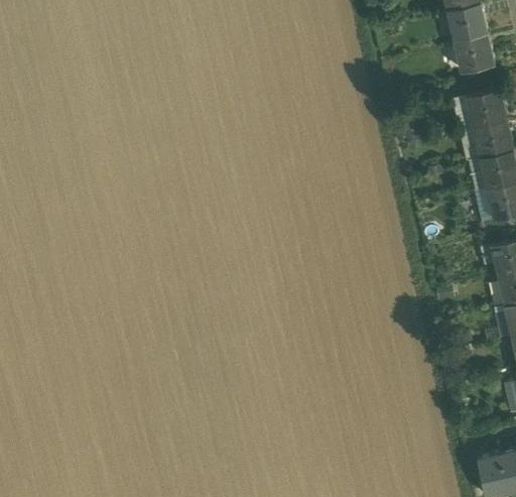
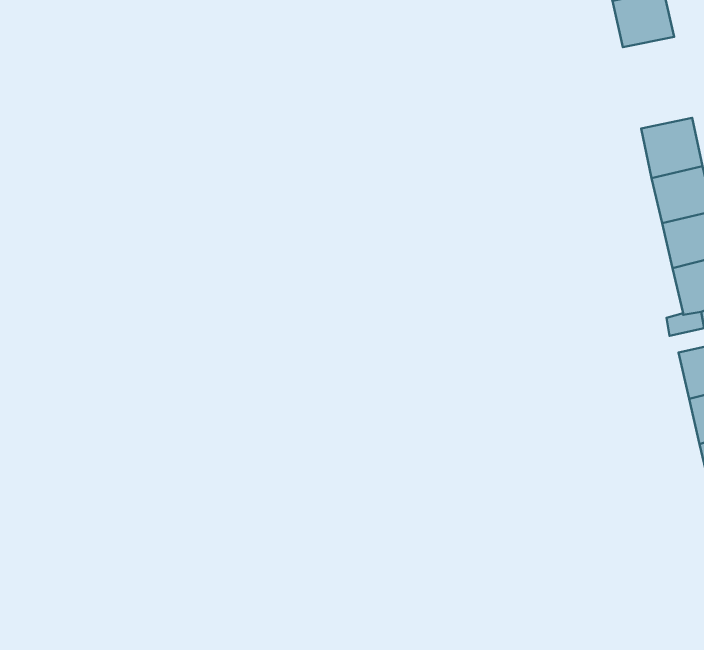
building: [454,35,495,74] -> none

